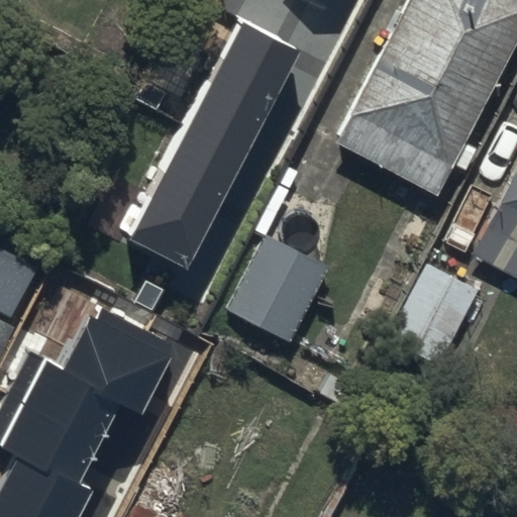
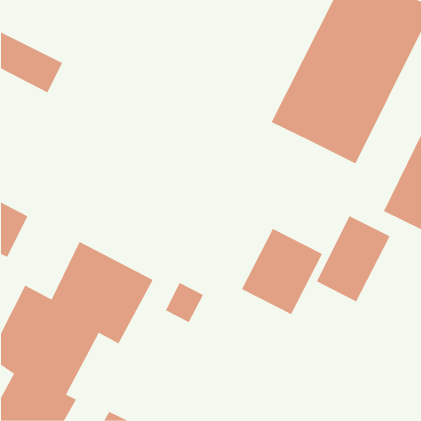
building: [122,15,301,262] -> none
building: [231,238,331,344] -> [241,228,323,315]

